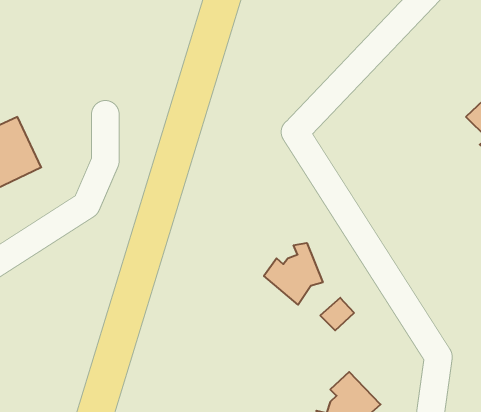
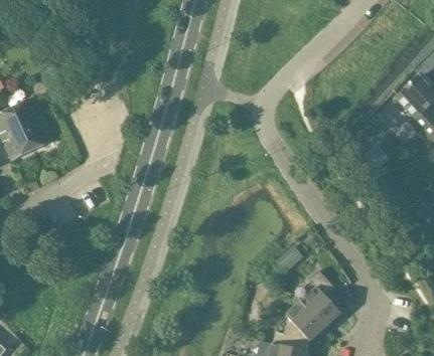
building: [264,243,323,305] -> none
building: none -> [301,270,341,327]

